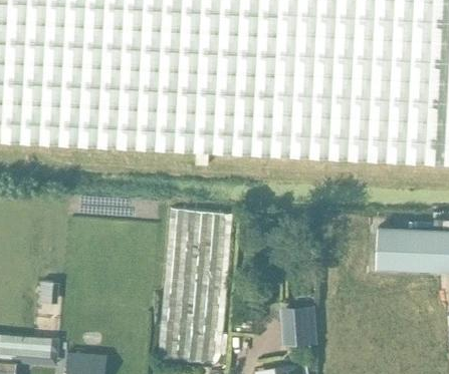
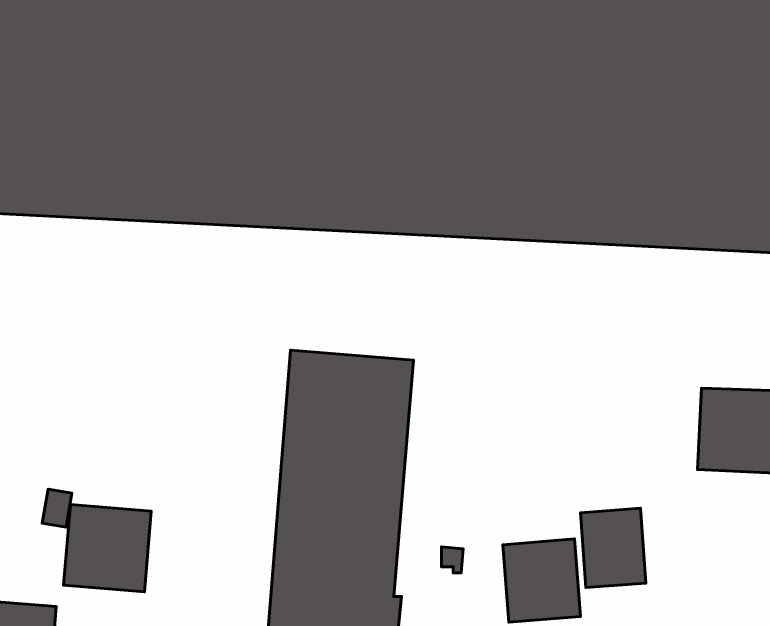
building: none -> [64,505,151,592]
building: none -> [581,508,646,588]

